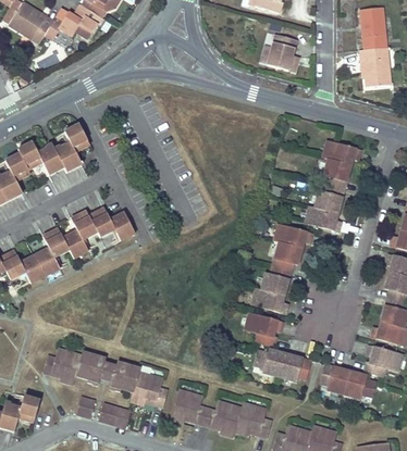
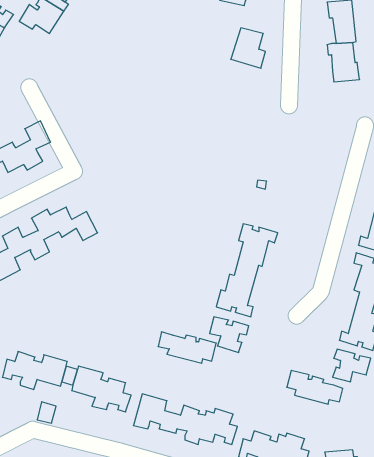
building: [305,140,360,231] -> none
building: [254,351,310,381] -> [158,332,216,363]
building: [99,403,131,428] -> none

